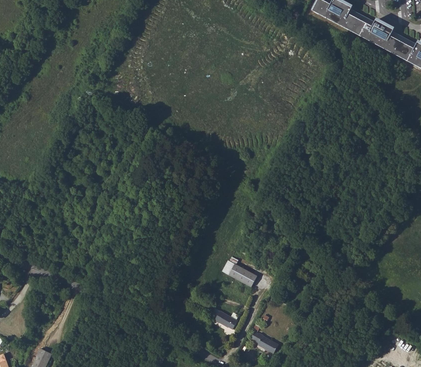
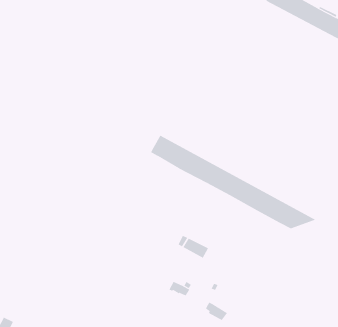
building: none -> [150,135,316,229]

